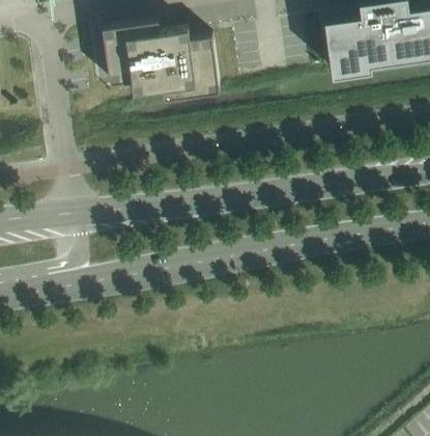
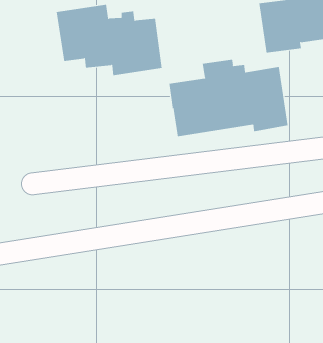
building: none -> [169,59,288,137]

